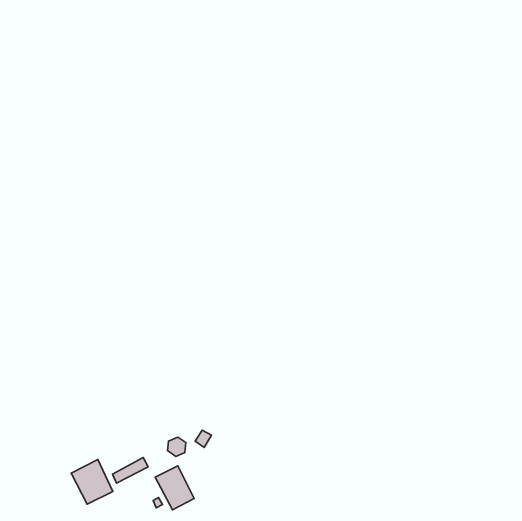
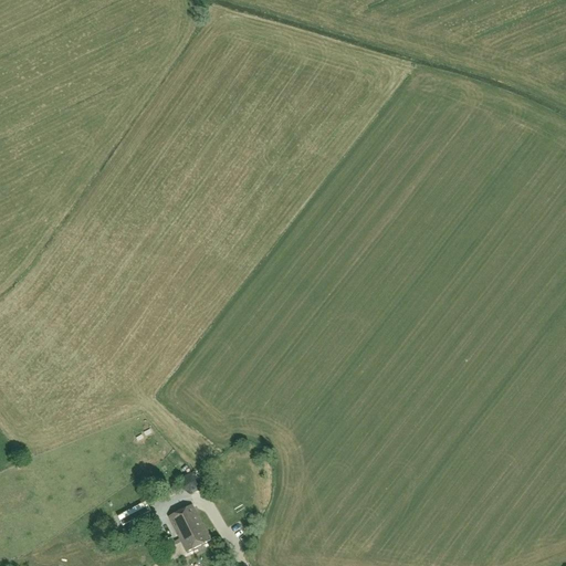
building: [71,459,113,504] -> none

